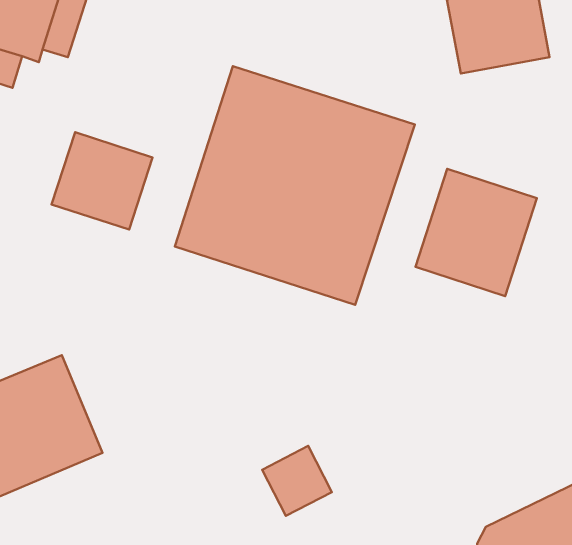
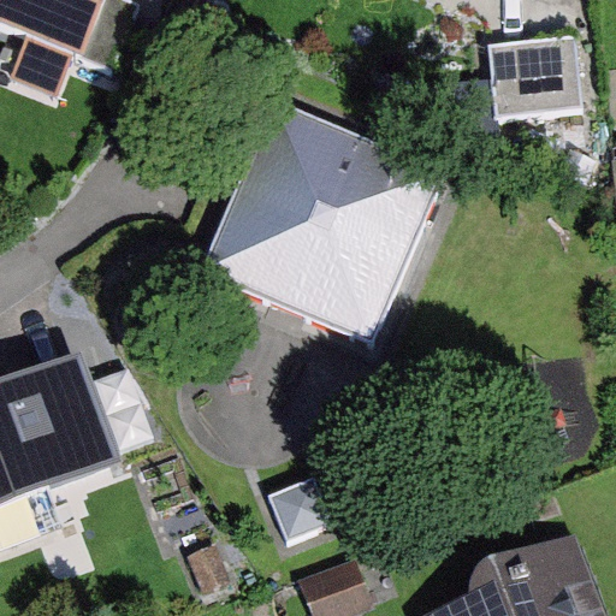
building: [52,132,153,229] -> none
building: [415,169,537,296] -> none

